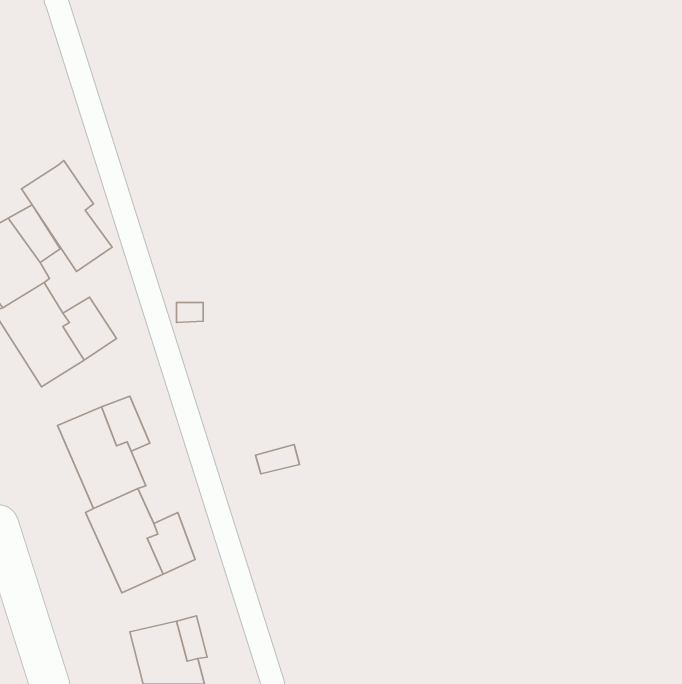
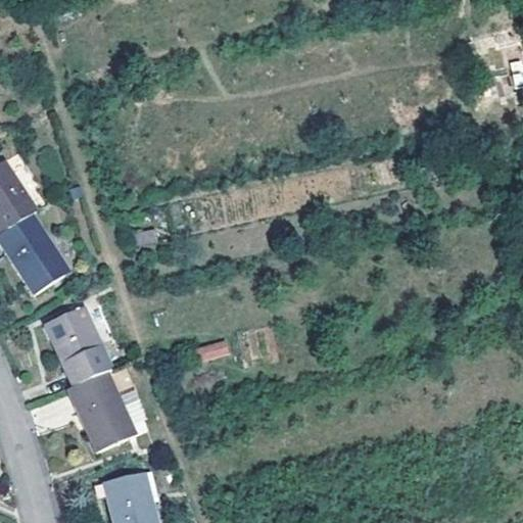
building: [21,160,112,271] -> none

